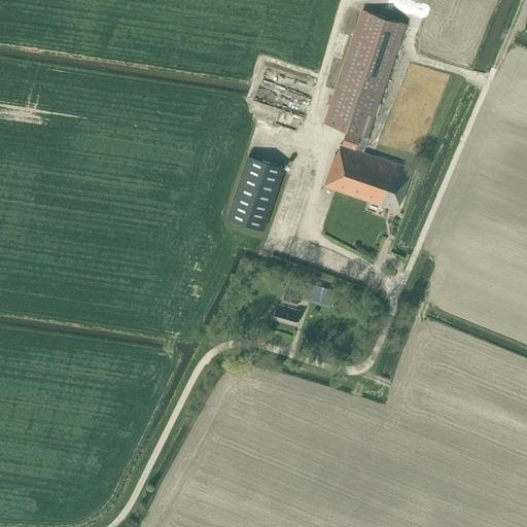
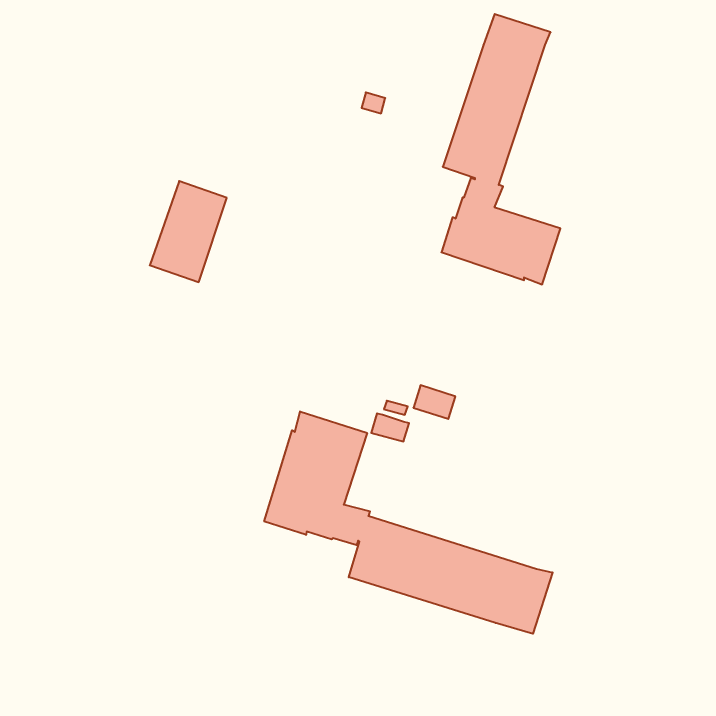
building: [227,155,284,230] -> [150,181,227,282]
building: none -> [264,411,553,634]

